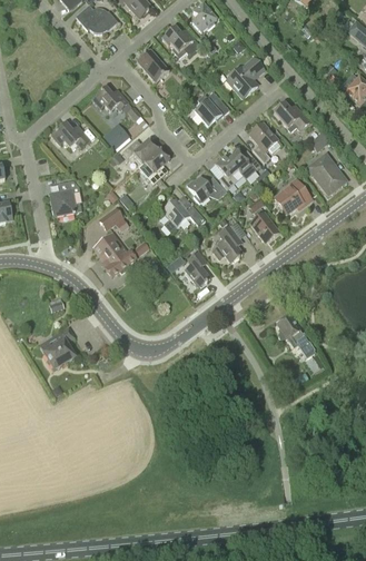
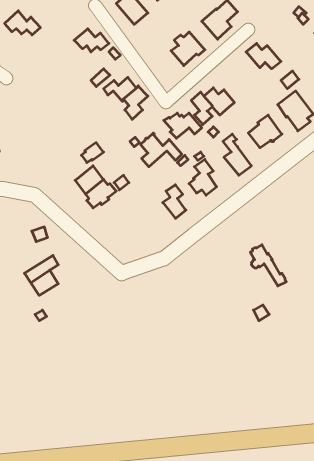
building: [51,121,89,147] -> [5,11,40,35]
building: [249,121,279,161] -> none
building: [48,179,81,216] -> none

